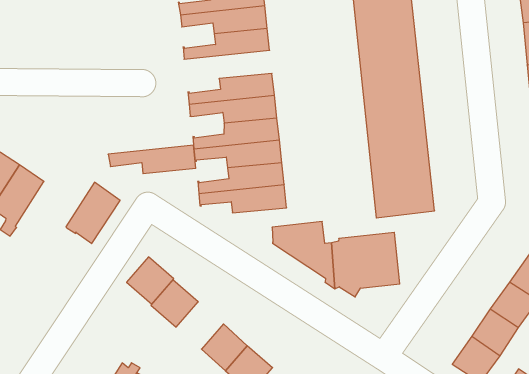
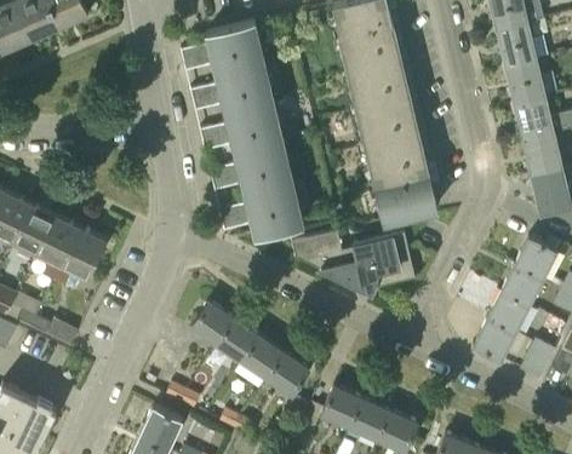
building: [108,145,196,174] -> [193,82,274,114]
building: [66,182,120,244] -> [59,228,105,283]
building: [127,257,174,304] -> [217,318,259,361]

